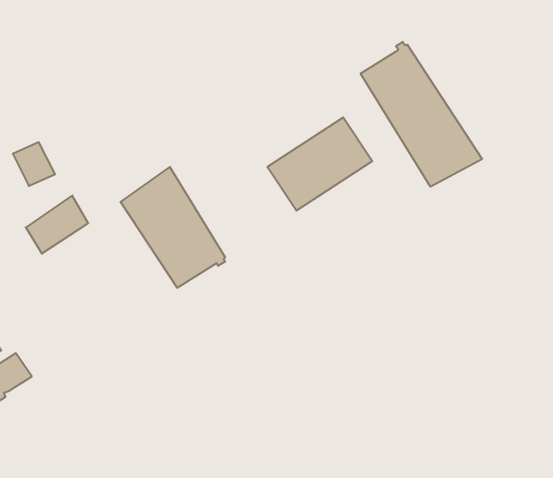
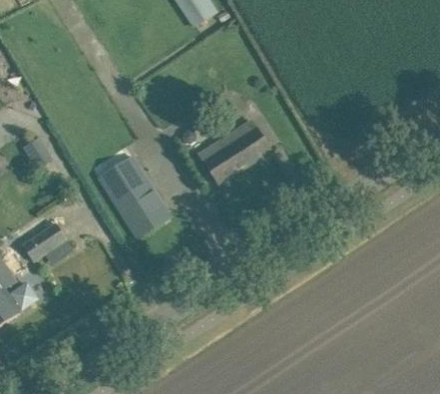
building: [361,42,482,187] -> none
building: [26,195,88,254] -> [22,222,65,262]

